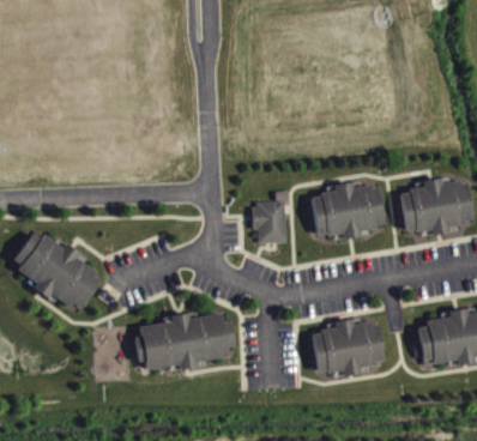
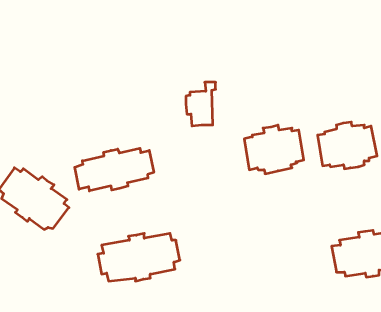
building: [252,191,288,243] -> [186,82,216,126]
building: none -> [75,148,154,191]
building: [310,319,382,375] -> none

